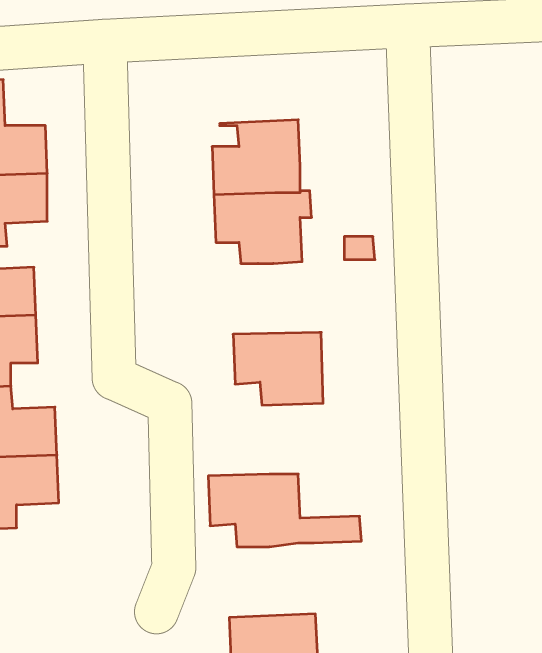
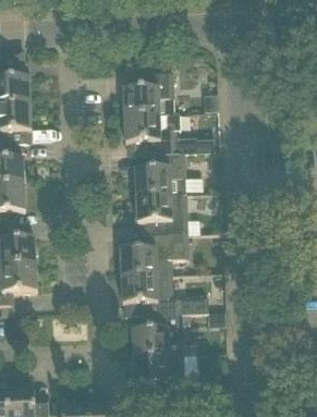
building: none -> [134,151,184,193]
building: none -> [120,232,187,273]
building: none -> [132,311,182,354]

